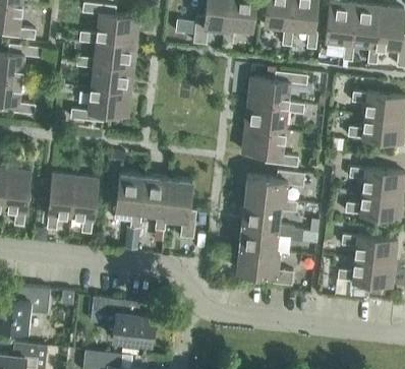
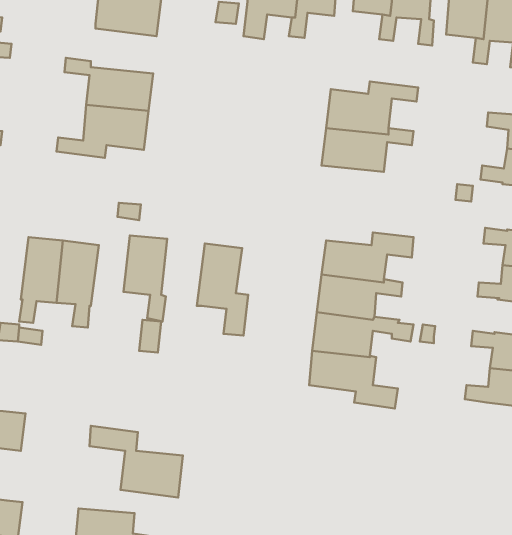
building: [79,33,136,67] -> none
building: [242,127,298,167] -> none
building: [139,175,168,231] -> none

